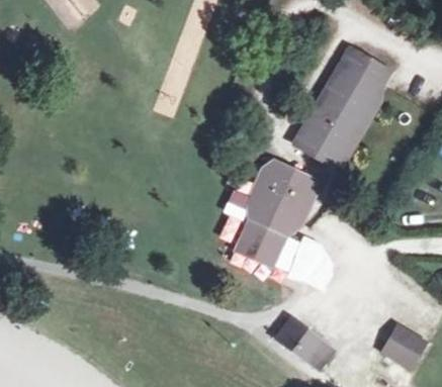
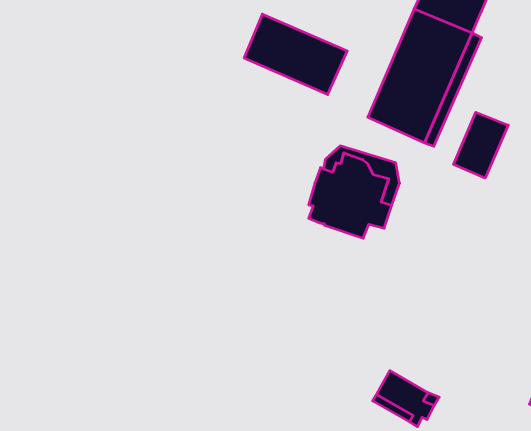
building: none -> [244,14,347,95]
building: none -> [454,112,508,178]
building: [239,212,298,264] -> none

